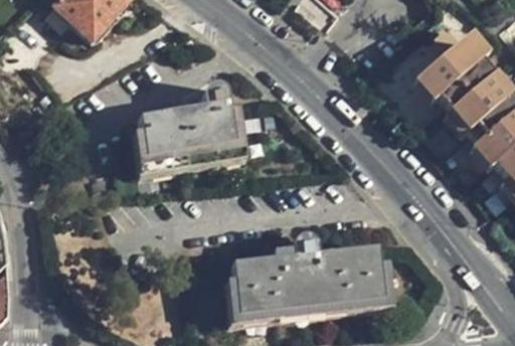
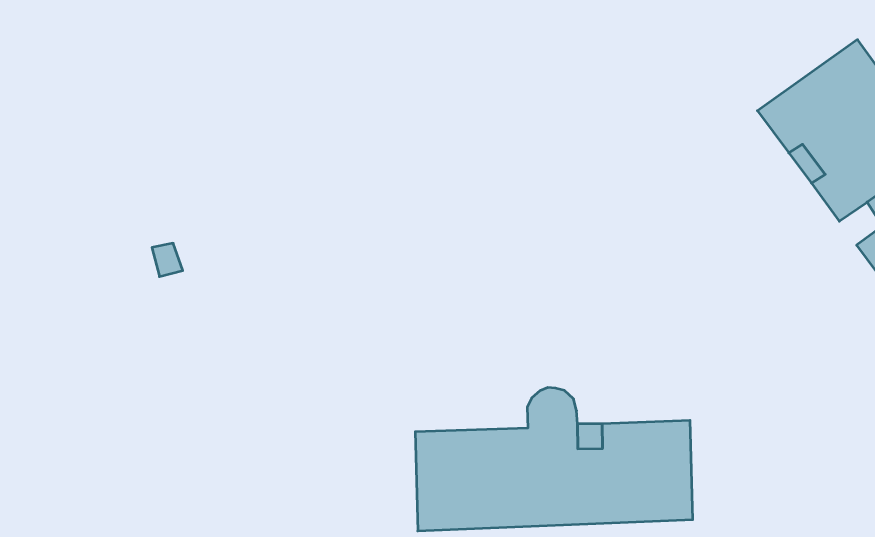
building: [139,84,235,166] -> none

